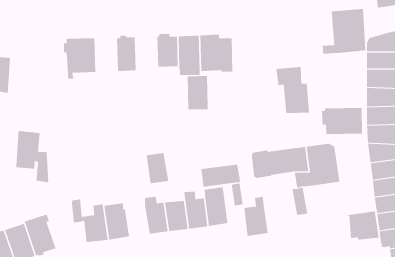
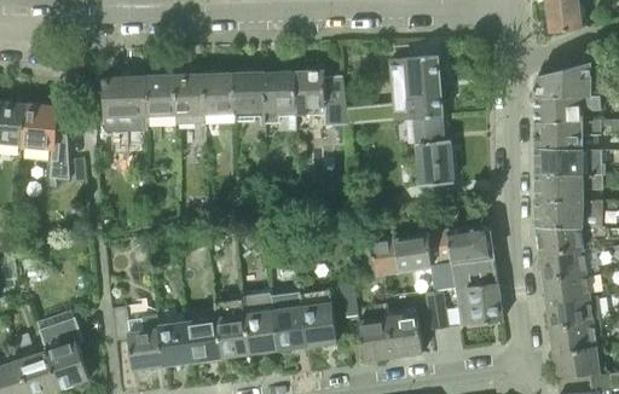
building: [322,8,366,54] -> [376,56,440,121]
building: none -> [144,75,175,124]
building: [187,75,209,110] -> [202,73,233,122]
building: [322,107,363,135] -> none
building: [15,130,49,183] -> [19,104,68,179]
building: [146,153,169,184] -> [187,315,221,360]
building: [201,164,241,188] -> none
building: none -> [387,312,421,355]
building: [346,211,380,240] -> [453,282,502,324]

